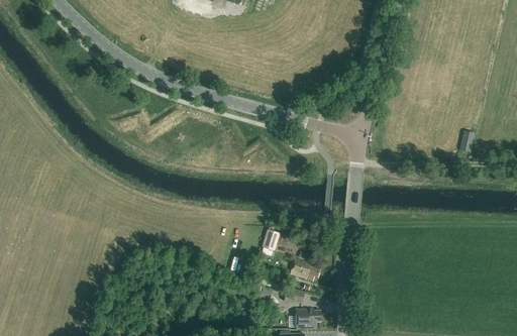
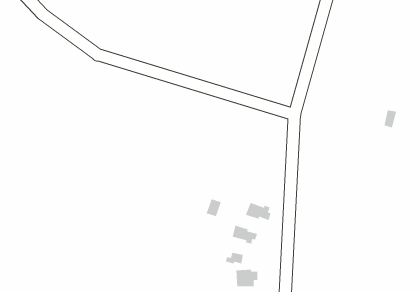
building: none -> [245,202,271,221]

